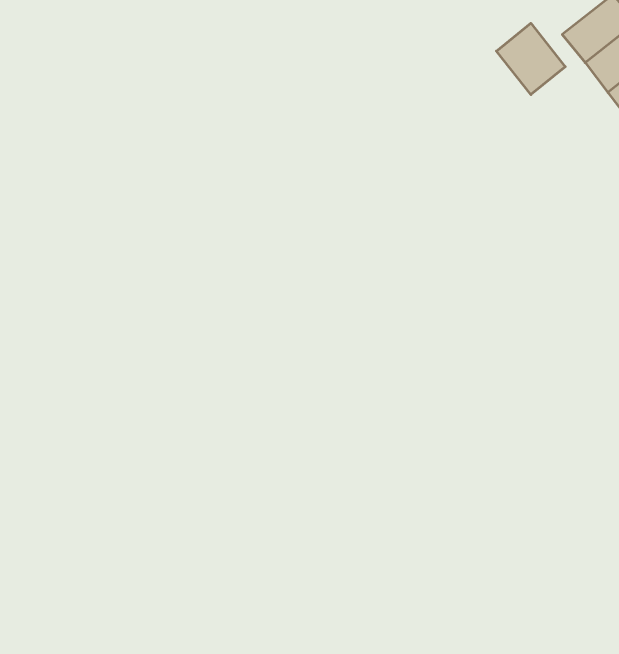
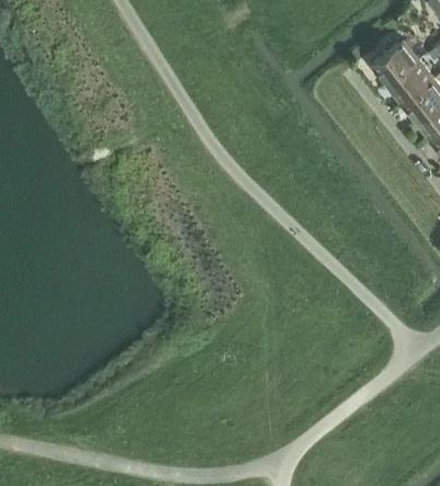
building: [496,23,565,95] -> none

